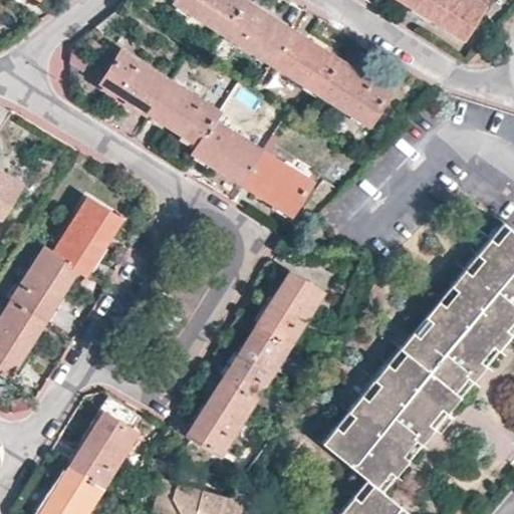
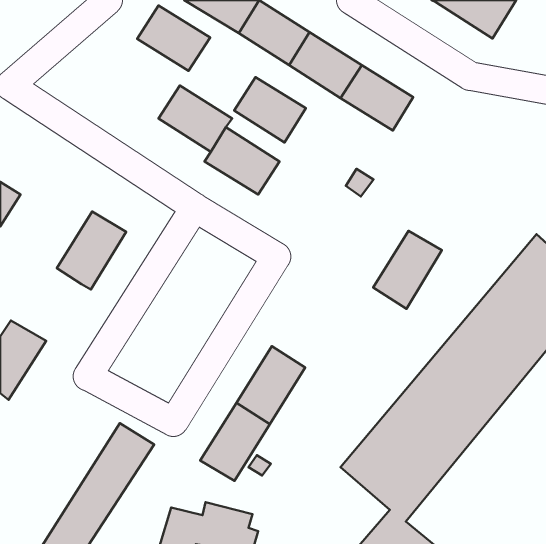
building: [101,52,170,113] -> [137,6,210,71]
building: [243,154,310,215] -> [234,77,306,143]
building: [11,249,77,322] -> none
building: [256,274,320,347] -> [373,231,442,309]

